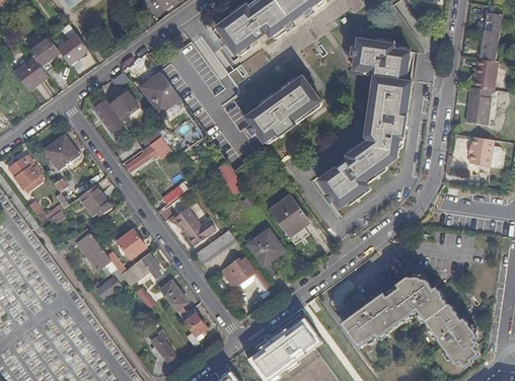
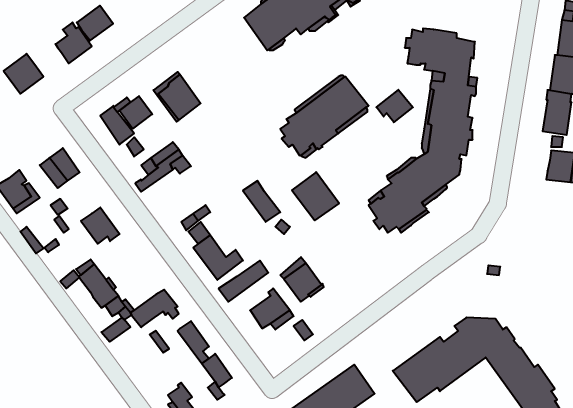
building: [29,35,60,65] -> [77,6,113,41]
building: none -> [376,90,413,122]
building: [270,195,309,235] -> [292,172,339,220]
building: [118,229,146,258] -> none

